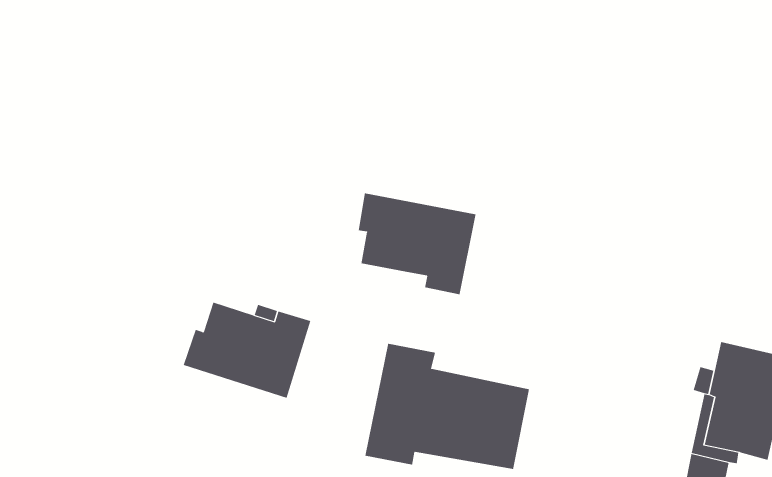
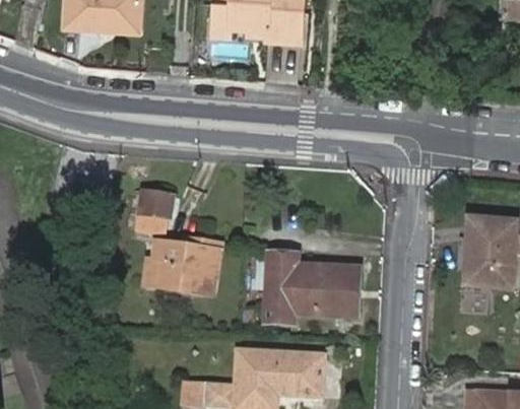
building: [358,192,476,295] -> none
building: none -> [136,192,173,232]

